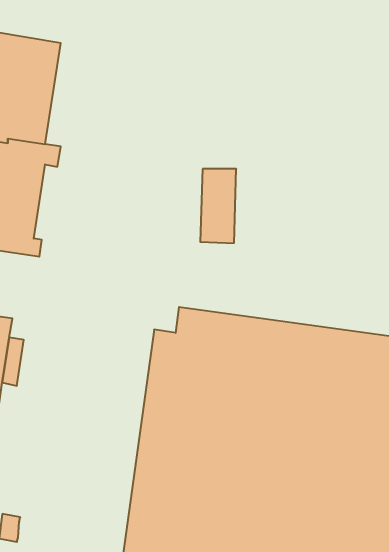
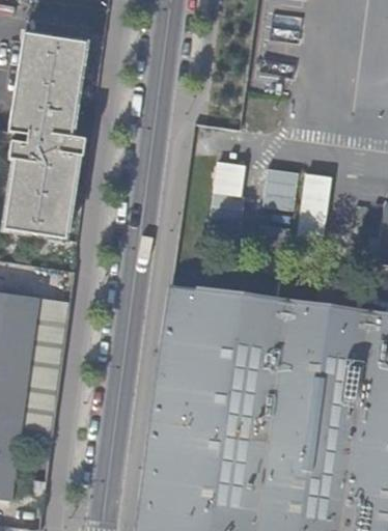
building: none -> [265,166,299,204]
building: none -> [299,169,333,241]

